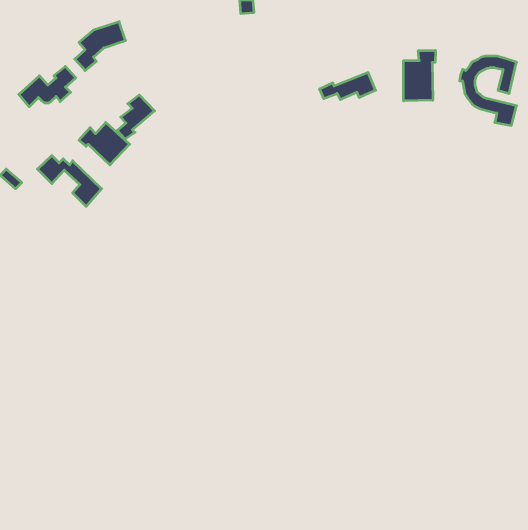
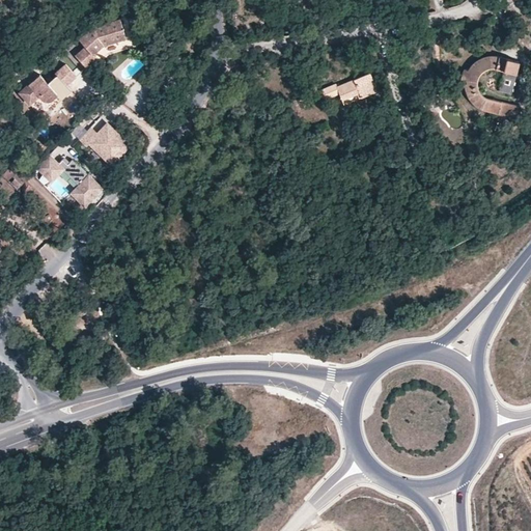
building: [404,50,435,101] -> none
building: [117,95,155,139] -> none

